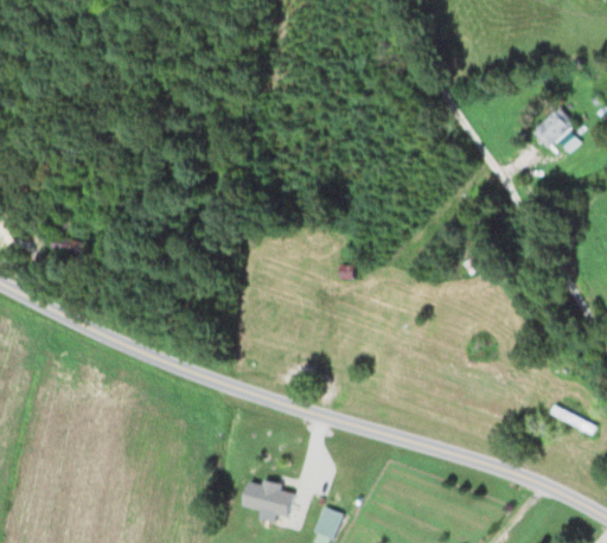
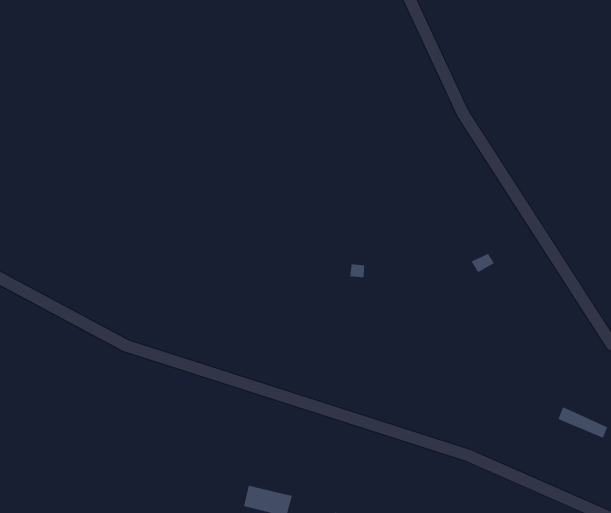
building: [531,107,575,148] -> none

